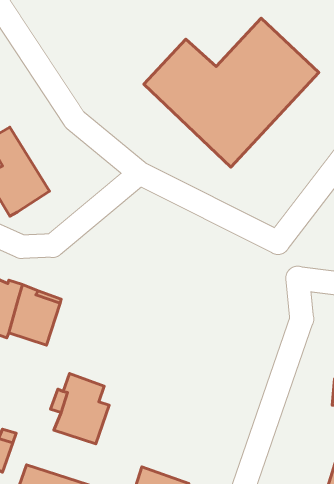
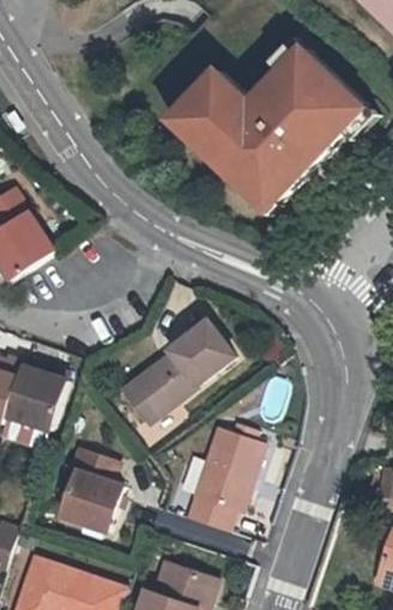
building: none -> [123,322,237,417]
building: none -> [182,429,259,530]

